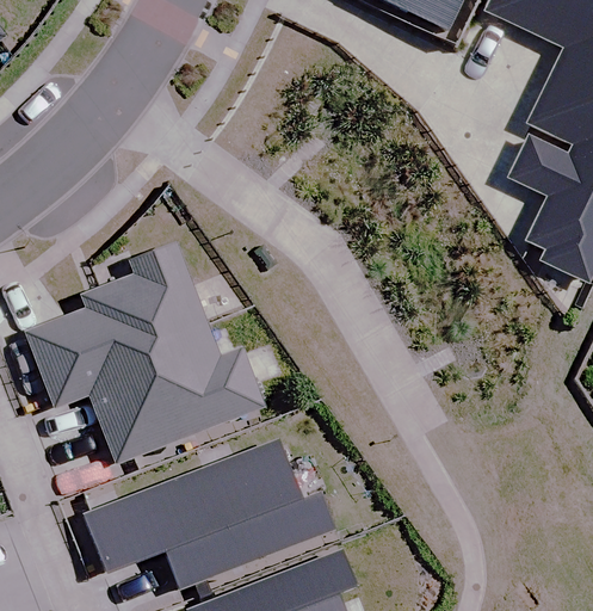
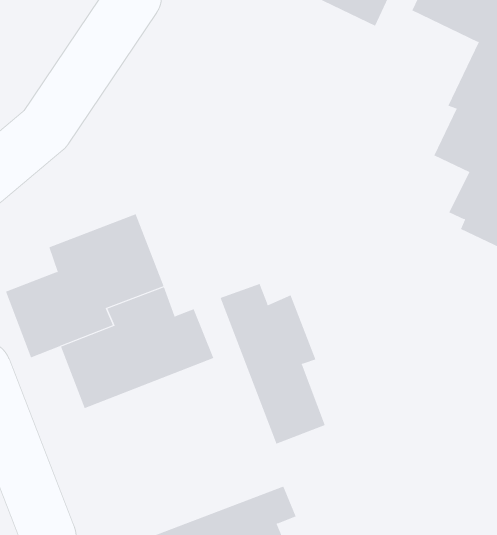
building: none -> [220,283,326,444]
building: [87,440,333,587] -> none

